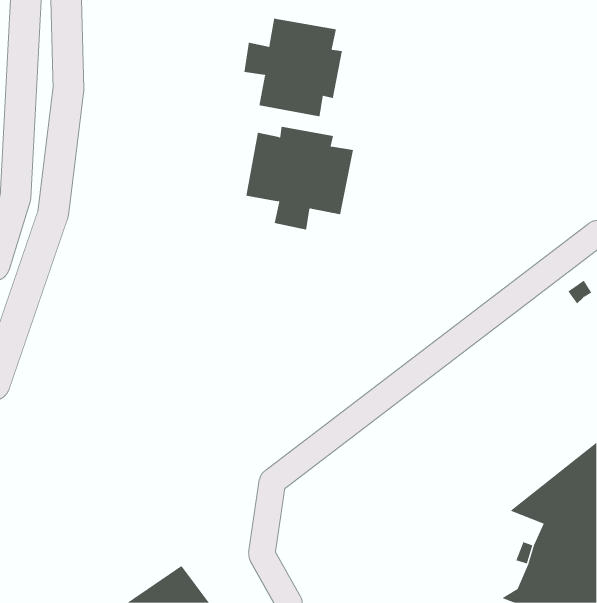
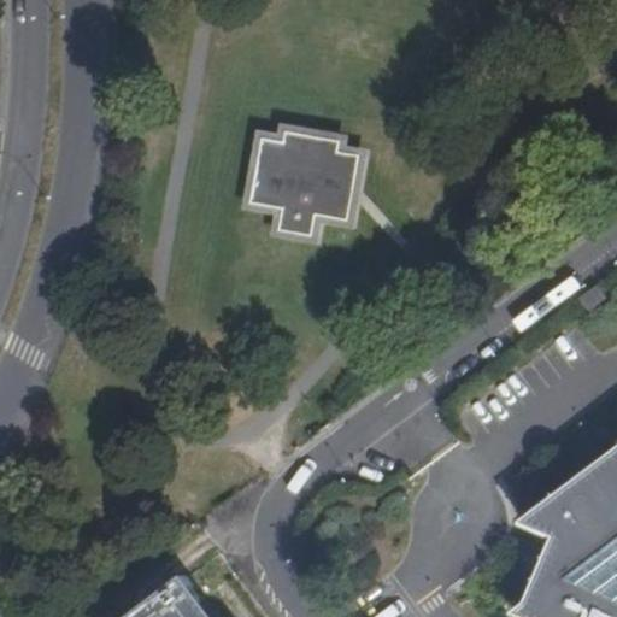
building: [244,18,343,117] -> none

